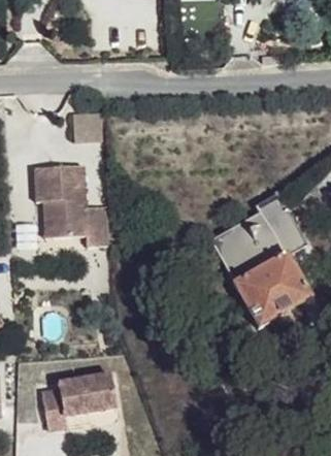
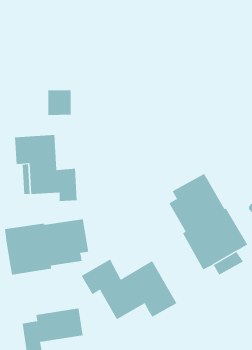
building: none -> [4,218,89,276]
building: none -> [81,259,177,320]

